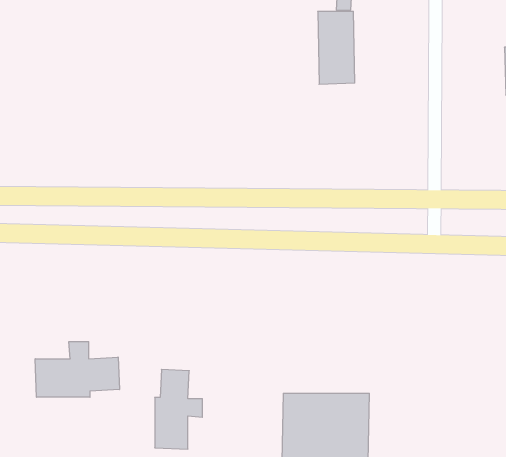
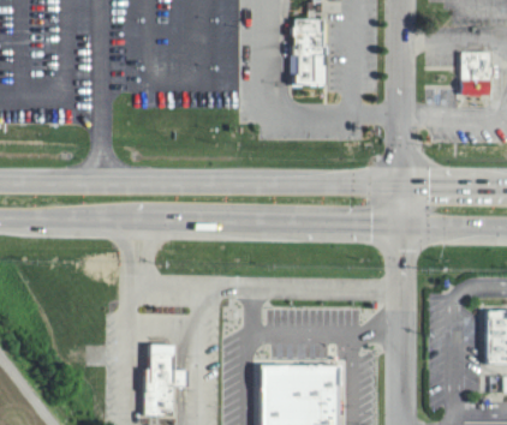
building: [35,342,119,397] -> none

